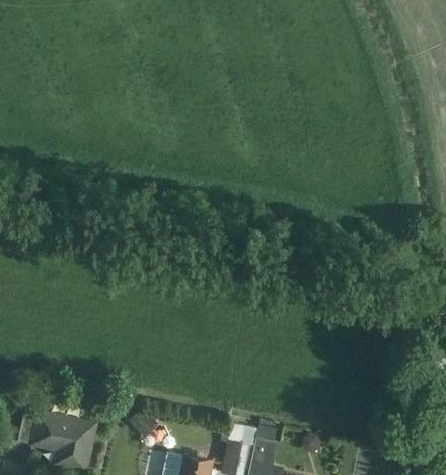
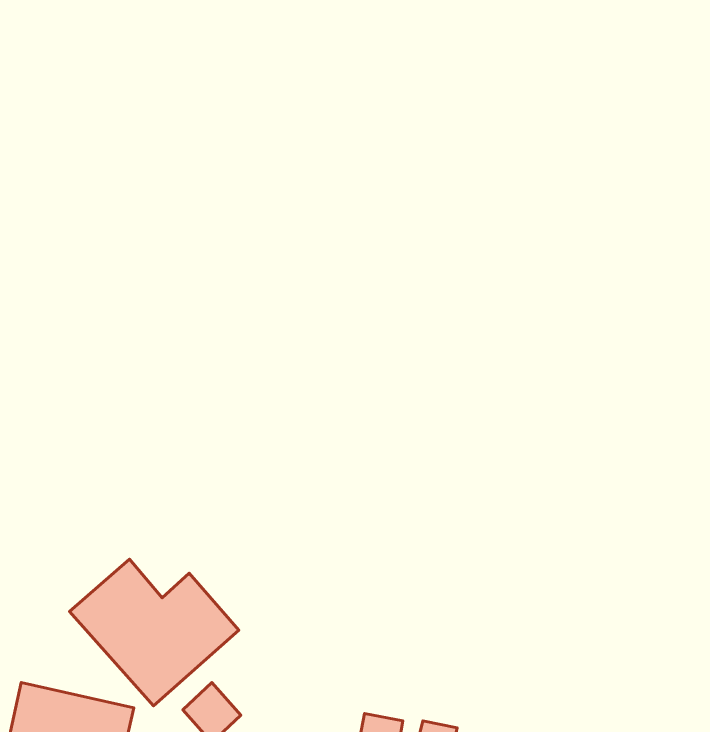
building: none -> [69,559,239,706]

